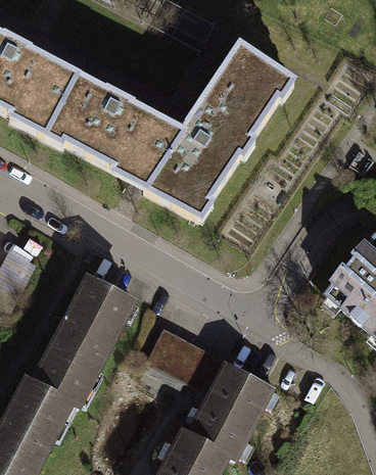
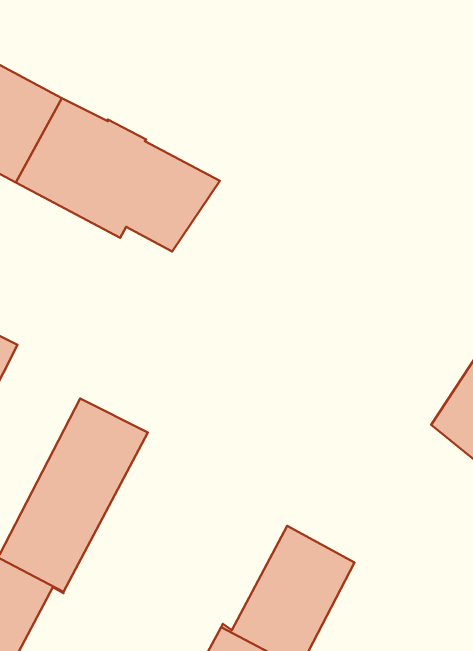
building: [144,43,285,212] -> none
building: [150,328,216,382] -> none

